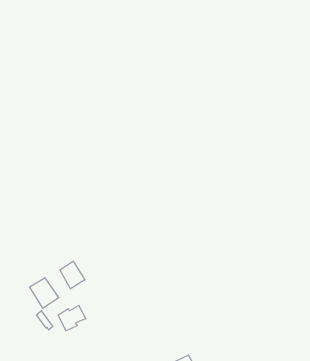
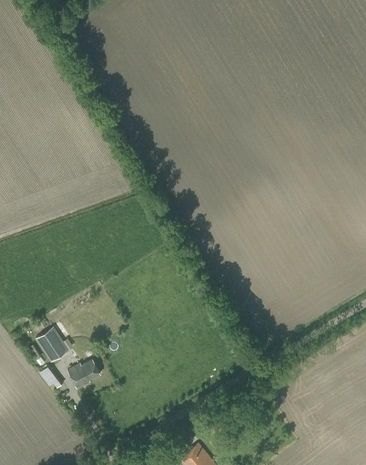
building: [60,261,85,289] -> none

